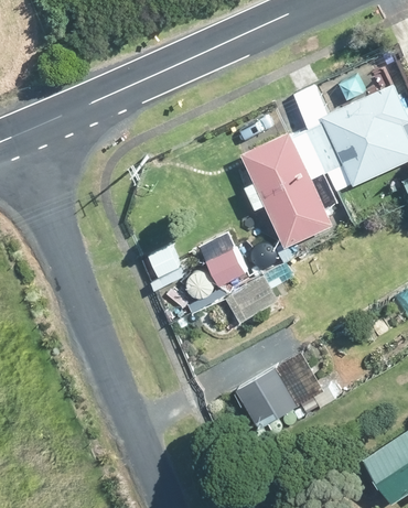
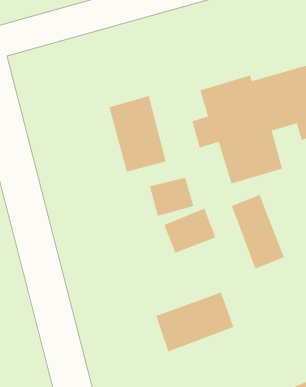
building: none -> [109,95,166,172]
building: none -> [231,194,284,269]

